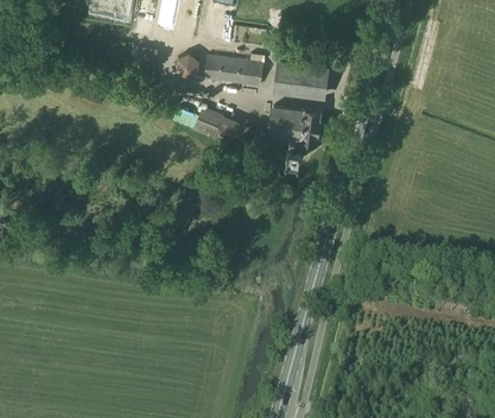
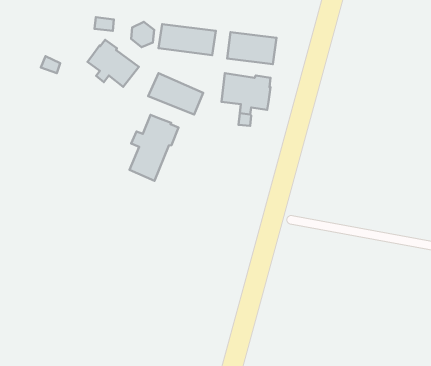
building: none -> [88,40,139,87]
building: none -> [129,115,179,181]

